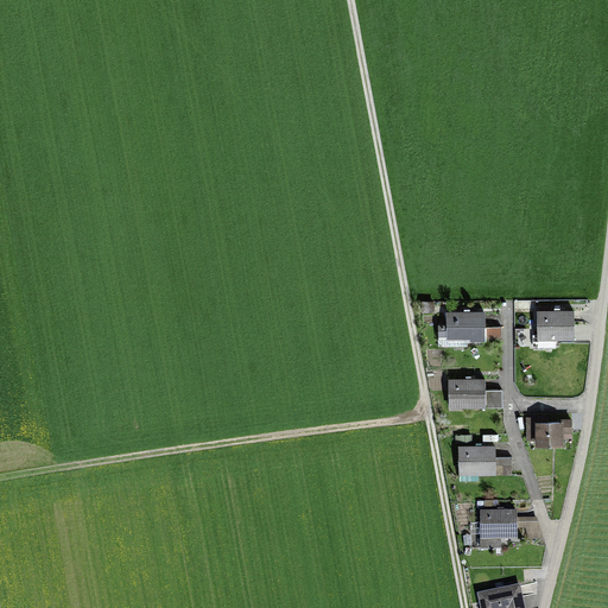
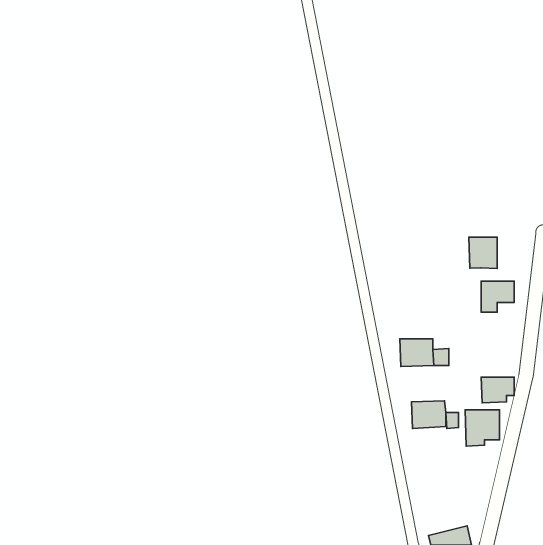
building: none -> [469,237,497,268]
building: [446,314,484,341] -> none
building: [479,512,517,552] -> [465,410,499,446]

